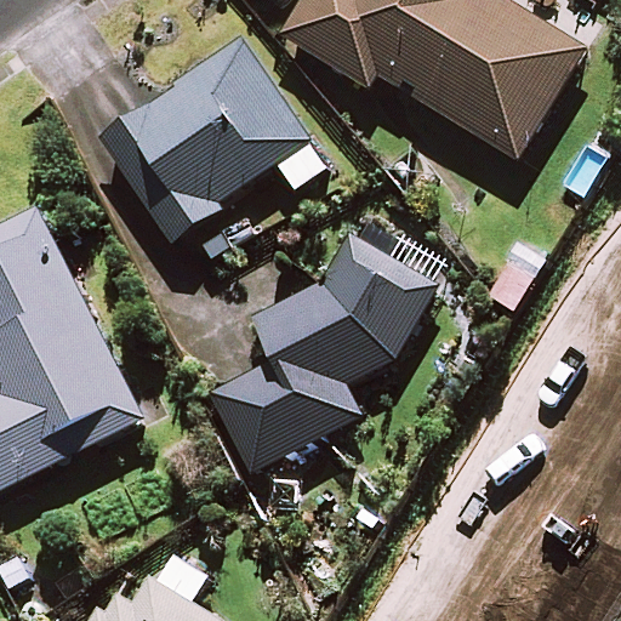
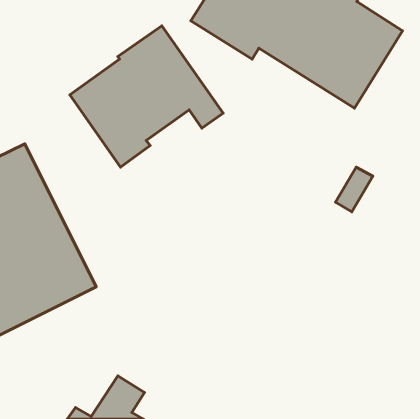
building: [209,233,437,473] -> none

